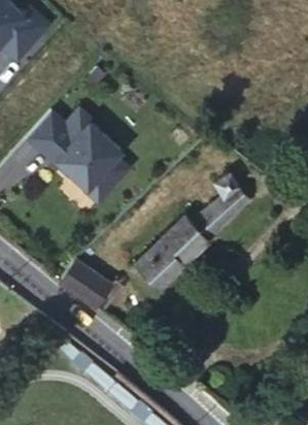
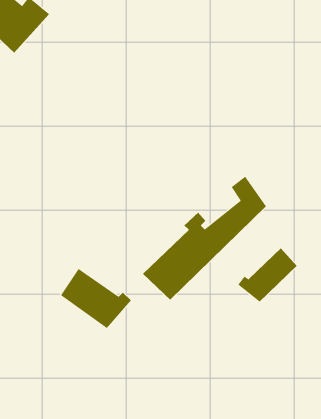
building: [26,109,128,204] -> none
building: none -> [237,248,297,303]

